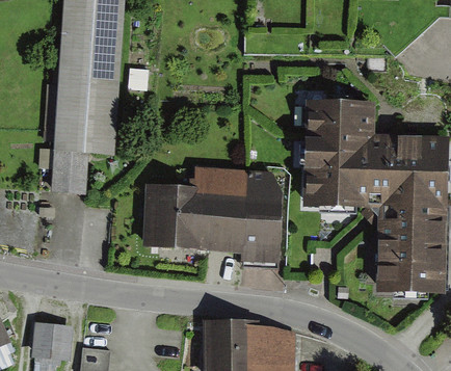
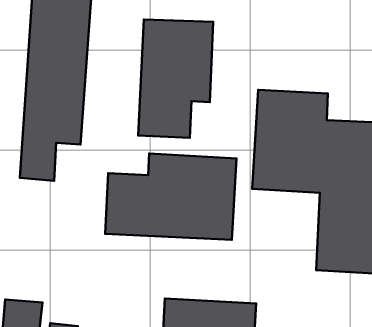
building: none -> [138,20,213,138]

